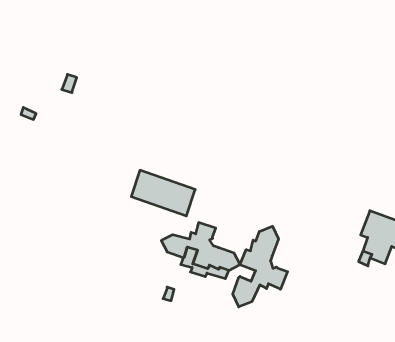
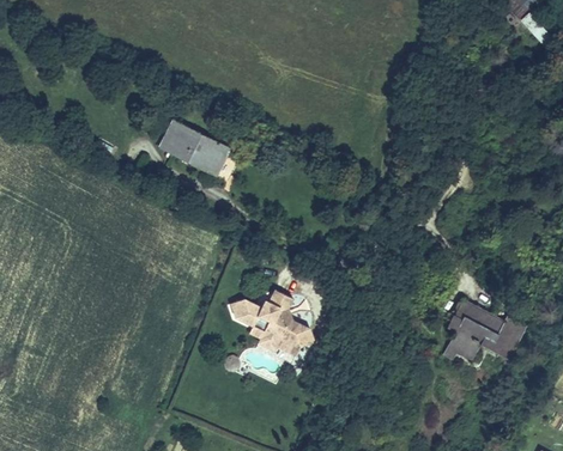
building: [131,170,195,216] -> [159,120,230,176]
building: [233,226,288,307] -> none

